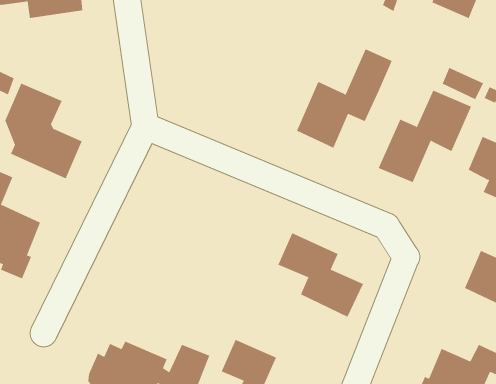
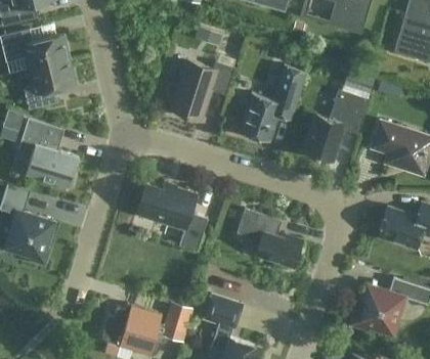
building: none -> [24,59,76,110]
building: none -> [171,59,235,120]
building: none -> [136,182,208,251]

